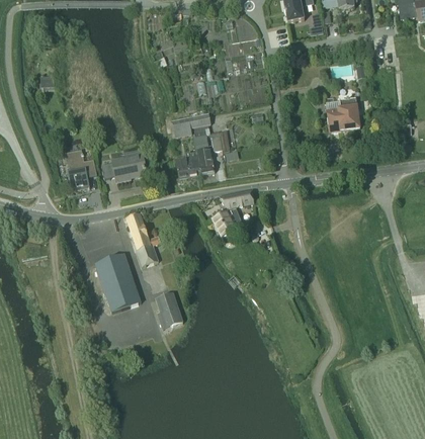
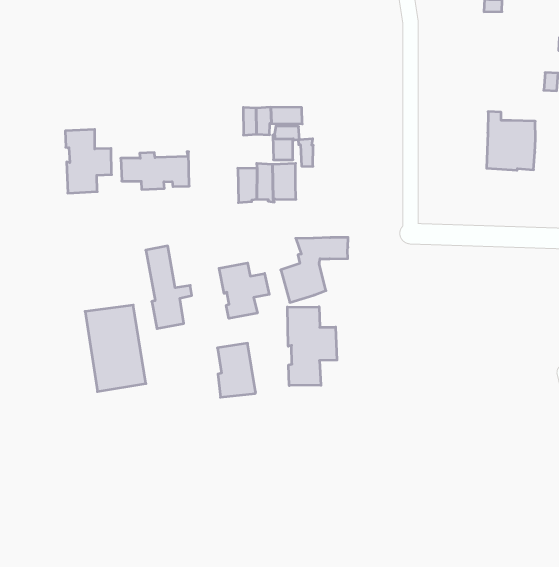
building: none -> [219,263,269,318]
building: none -> [287,307,337,386]
building: [155,291,183,328] -> [217,343,256,397]

